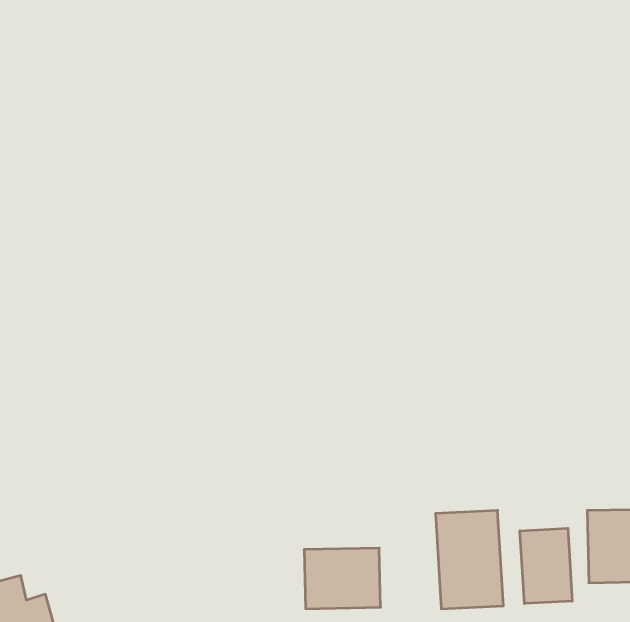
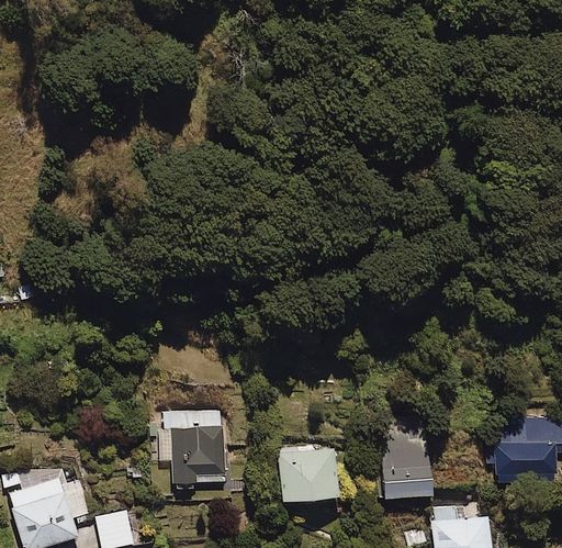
building: none -> [160,420,226,483]
building: [520,528,572,604] -> none

